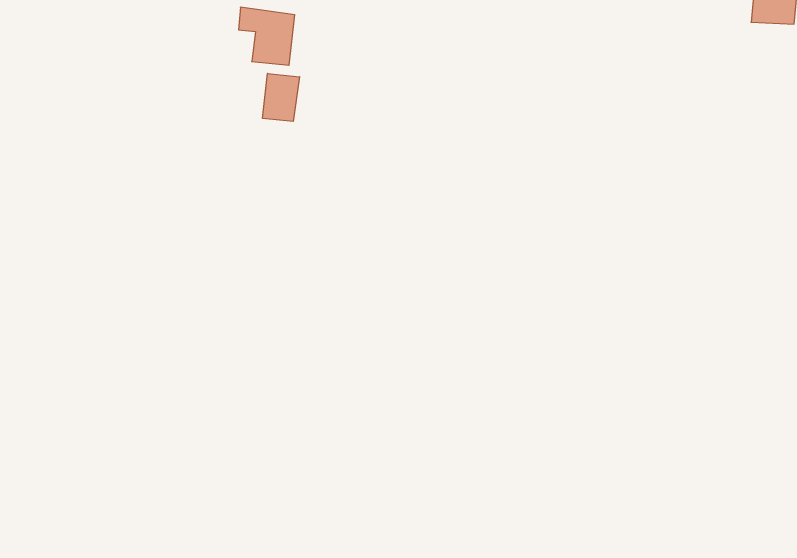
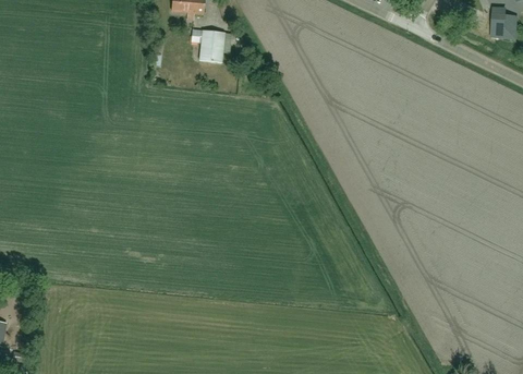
building: [263,73,300,121] -> none

